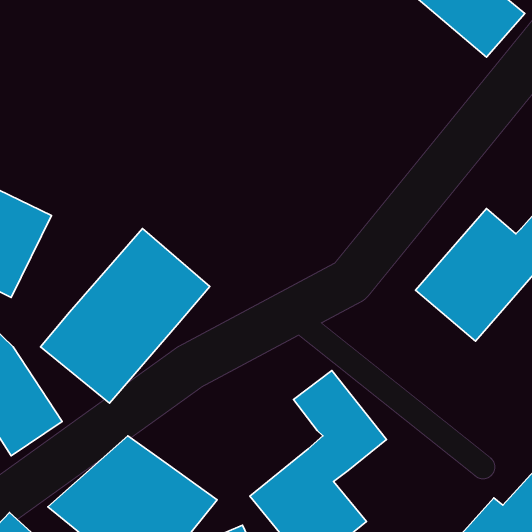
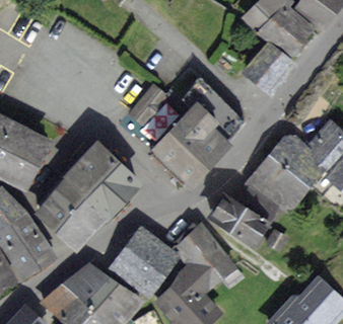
building: none -> [246,44,288,87]
building: none -> [128,72,238,182]
building: none -> [214,198,267,244]
building: none -> [114,229,177,292]

